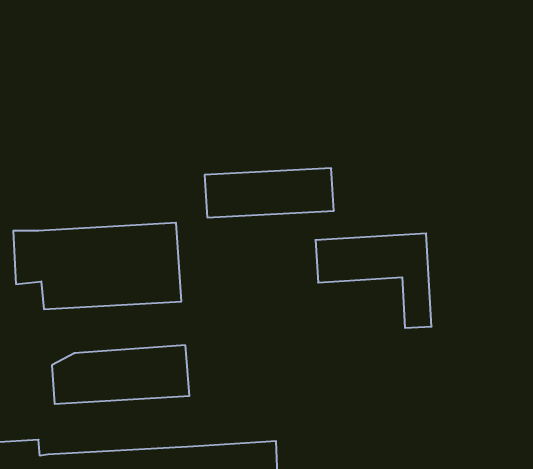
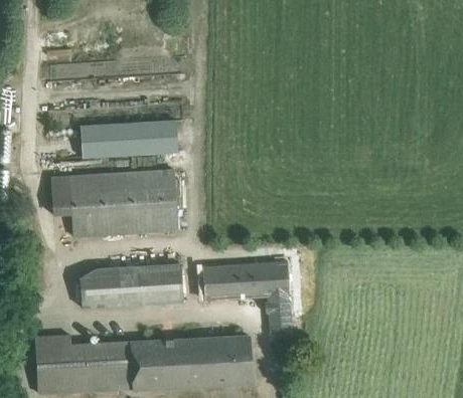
building: [205,168,334,217] -> [81,121,178,158]
building: [315,233,432,328] -> [203,262,291,334]

